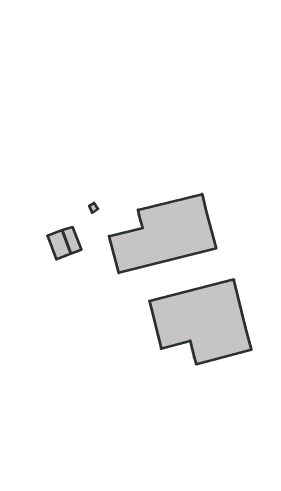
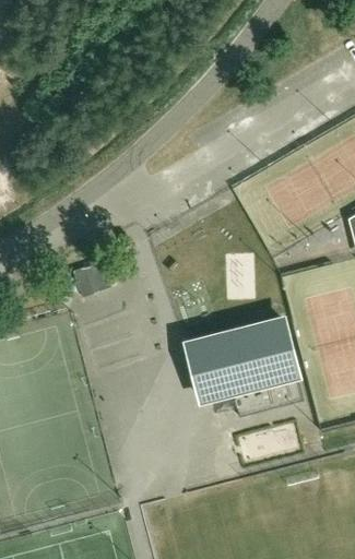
building: [109,194,216,273] -> none

